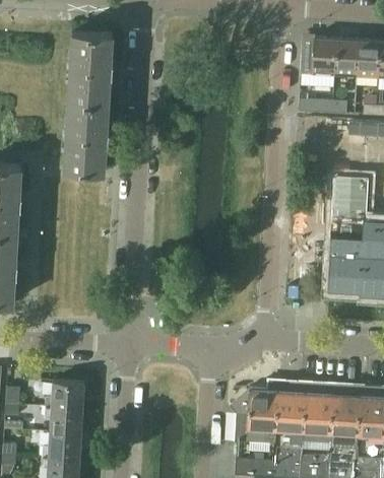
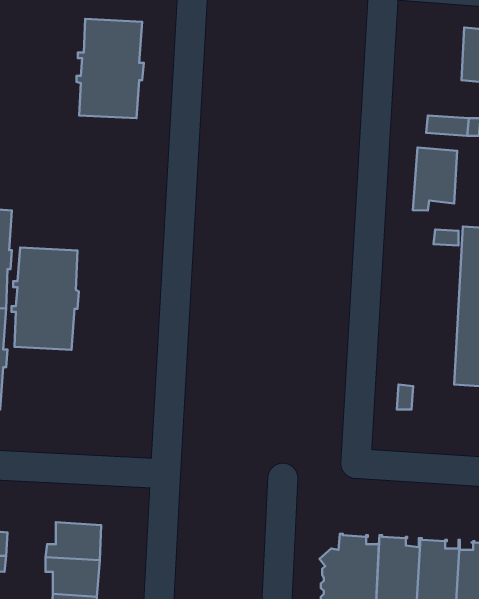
building: [301,38,336,75] -> none
building: [63,99,110,170] -> [12,248,79,350]
building: none -> [413,148,457,210]

